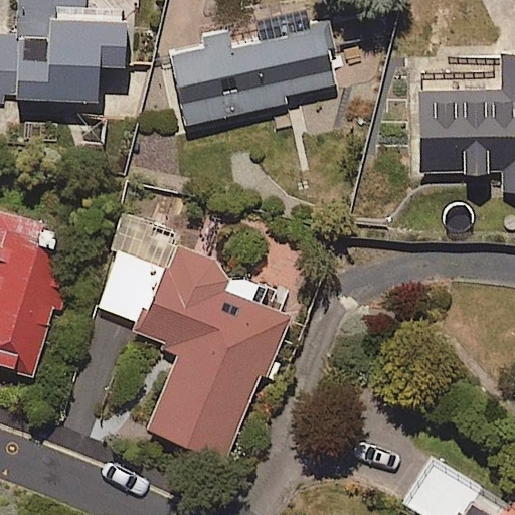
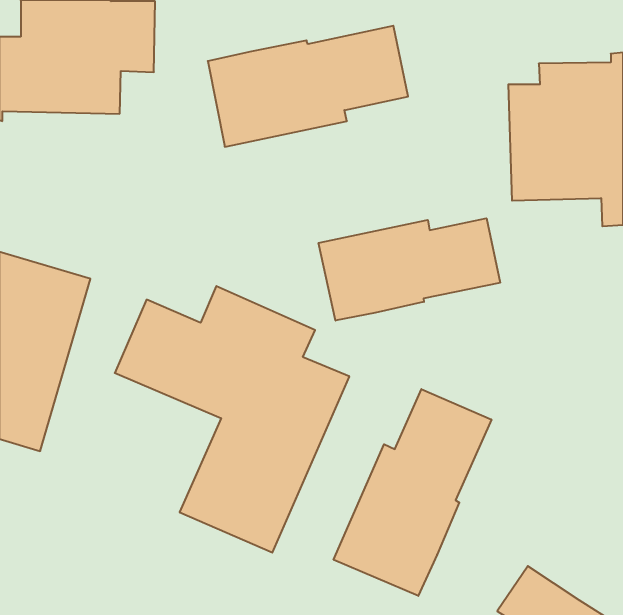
building: none -> [319,218,500,321]
building: none -> [334,389,491,596]

